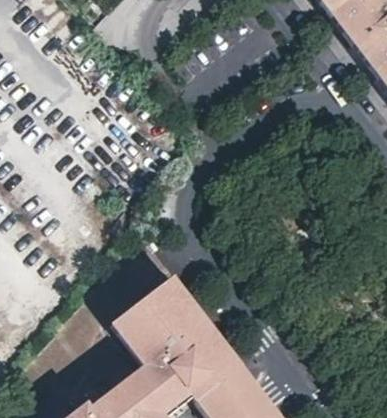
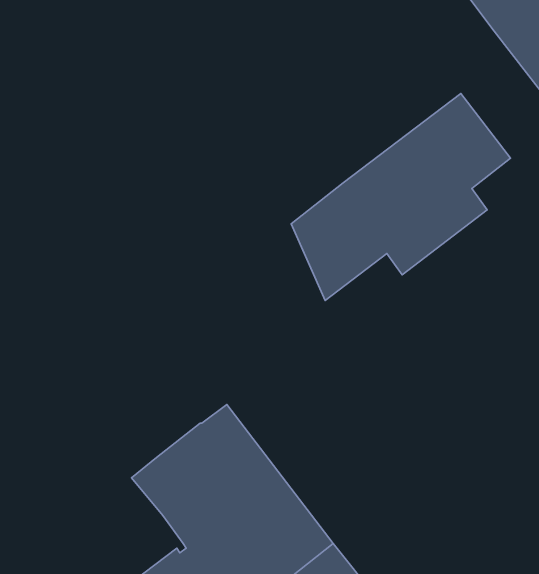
building: none -> [291,94,511,300]

